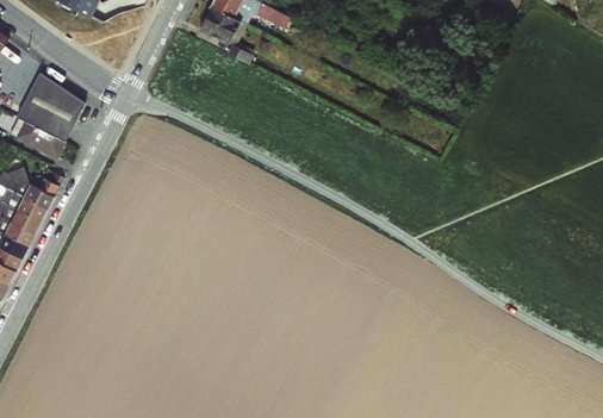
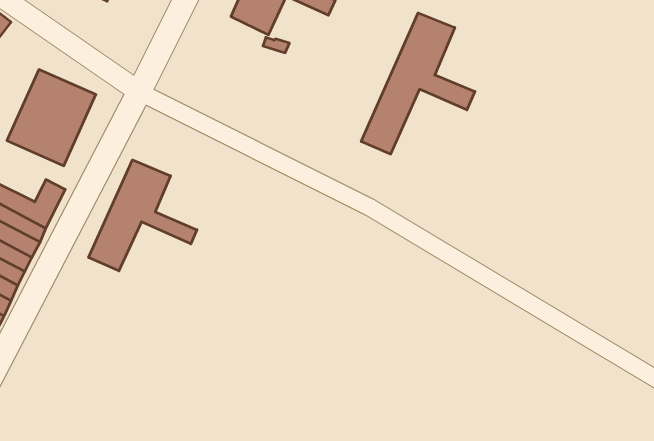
building: none -> [361,13,475,154]
building: none -> [89,160,197,271]

